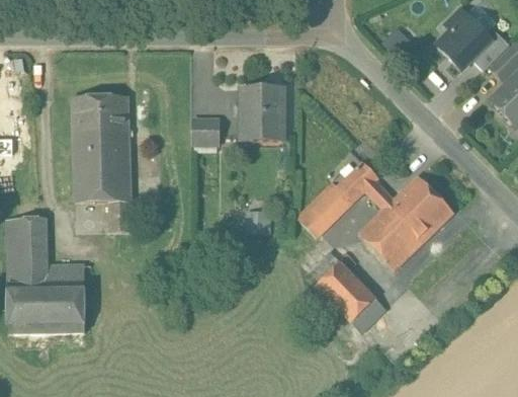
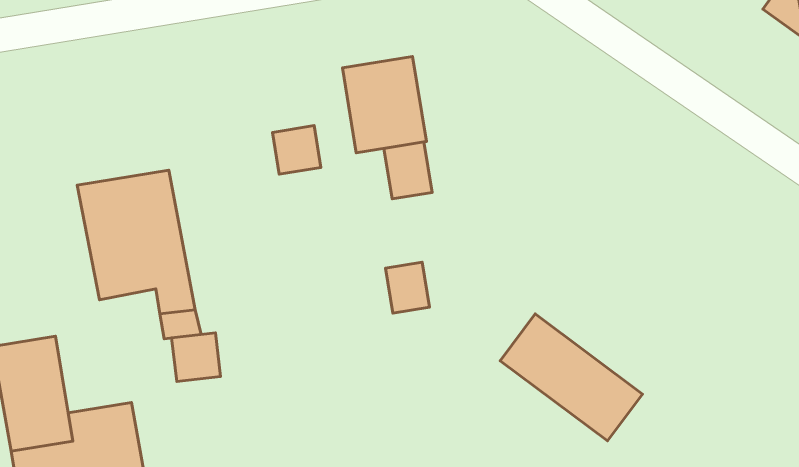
building: [72,96,128,131] -> none
building: none -> [384,142,432,199]
building: [295,161,453,270] -> none
building: none -> [172,333,221,382]

